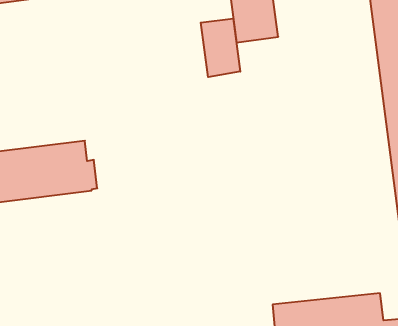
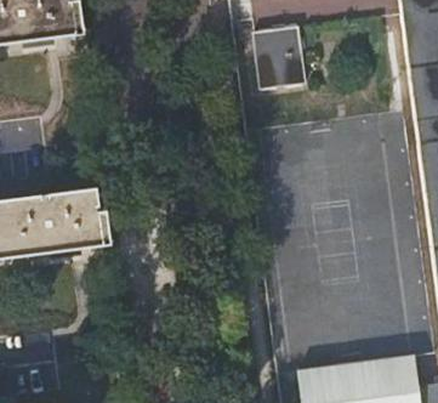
building: [201,18,240,77] -> none

